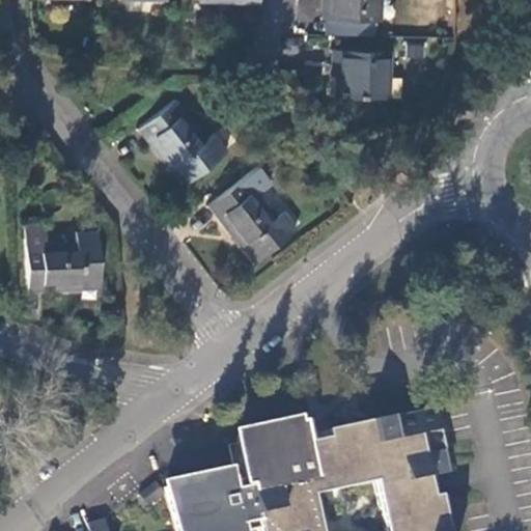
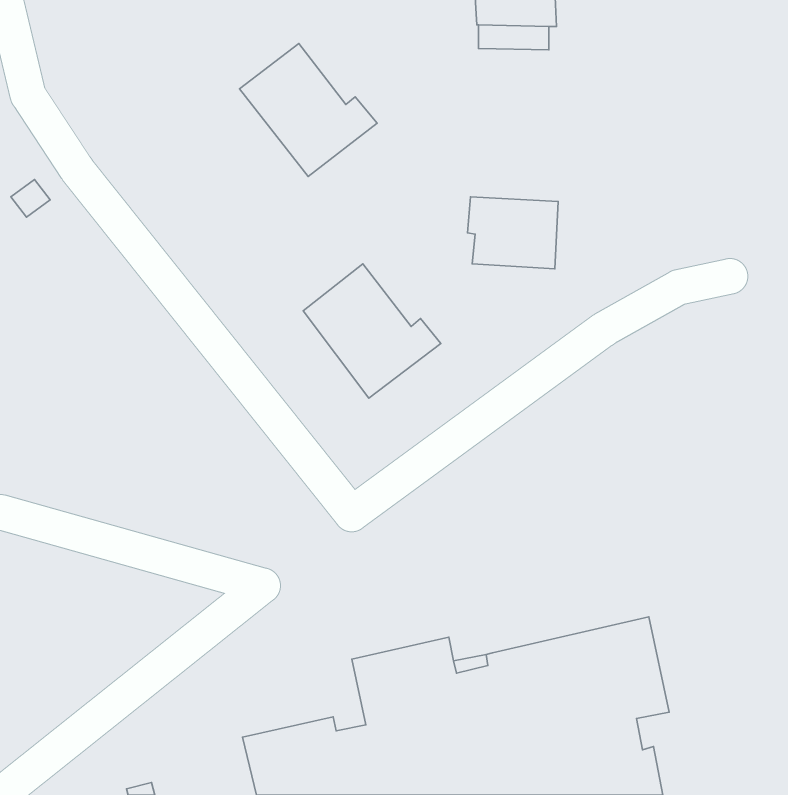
building: [332,49,392,96] -> [467,197,558,269]
building: [139,99,230,187] -> [240,44,377,176]
building: [27,222,105,291] -> none

